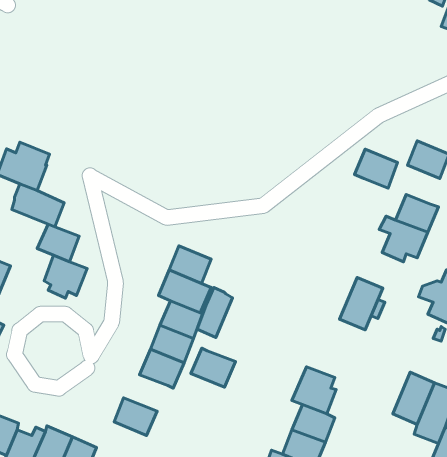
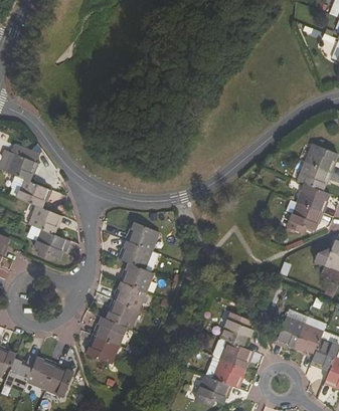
building: [354,149,398,188] -> [298,161,330,190]
building: [340,277,383,330] -> [276,307,308,347]
building: [197,288,233,337] -> none
building: [191,348,235,387] -> [94,316,127,345]

